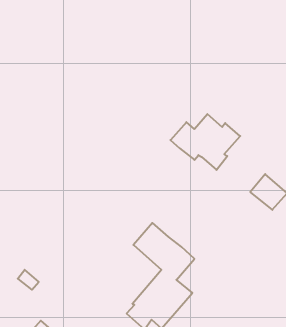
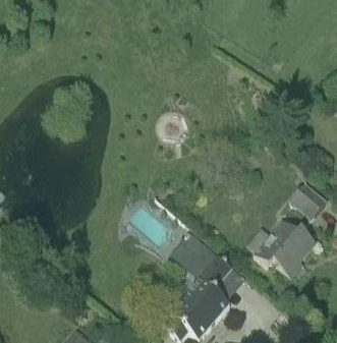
building: [170,114,240,170] -> [244,220,316,277]

